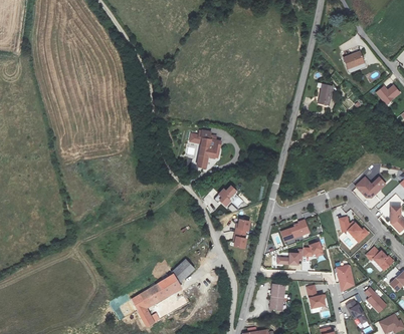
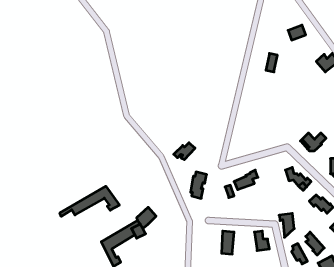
building: [188,130,221,170] -> none
building: none -> [60,186,119,216]
building: [275,243,322,267] -> none

